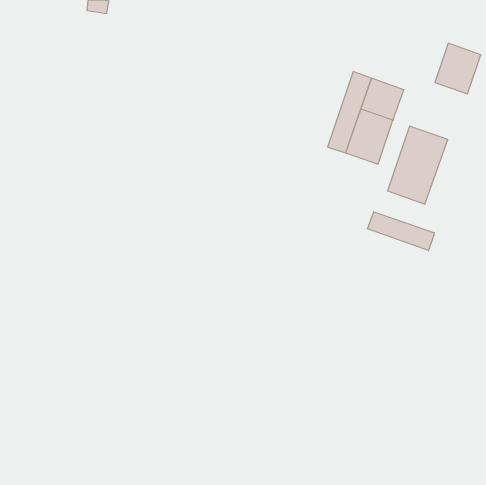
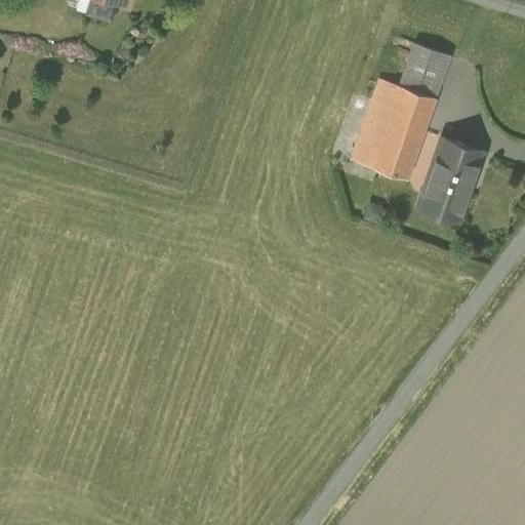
building: [435,43,481,94] -> [401,45,450,99]
building: [367,212,434,251] -> none

